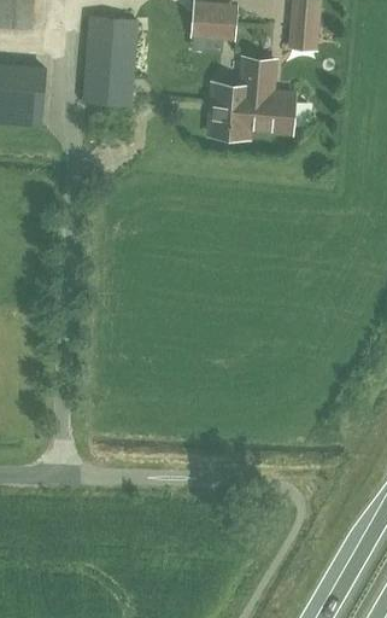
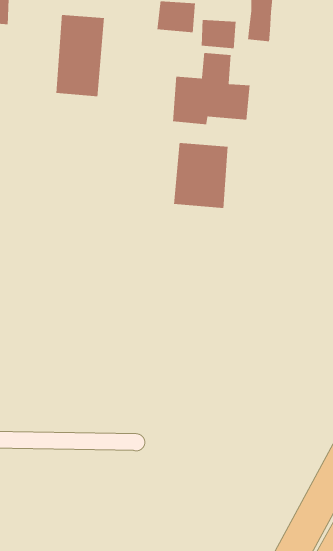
building: none -> [201,19,236,49]
building: none -> [173,142,229,209]

